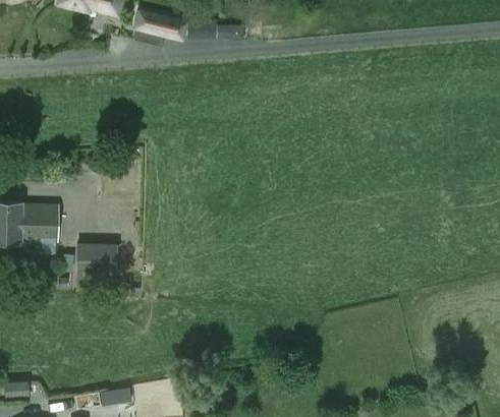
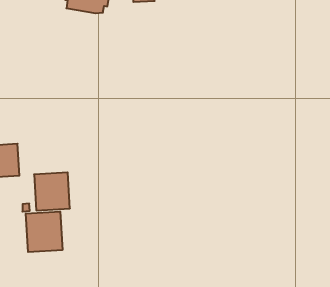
building: none -> [26,211,62,252]

